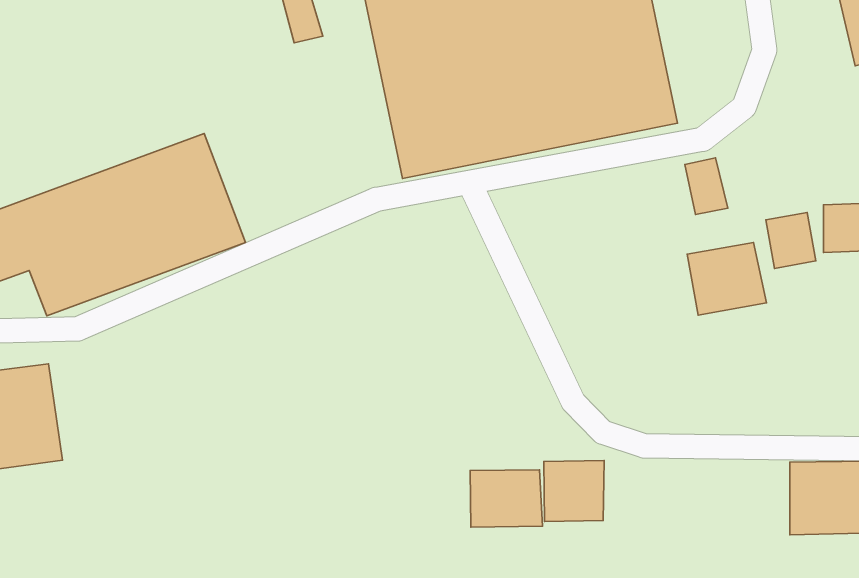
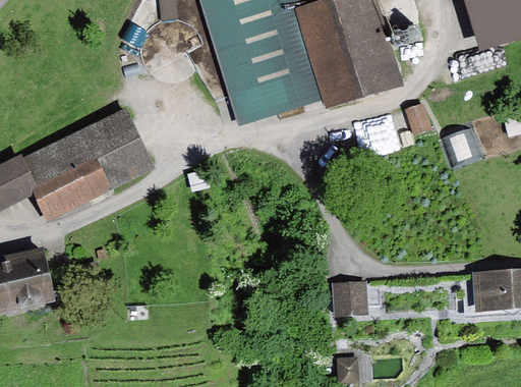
building: [687,242,766,315] -> none
building: [470,470,542,527] -> none

